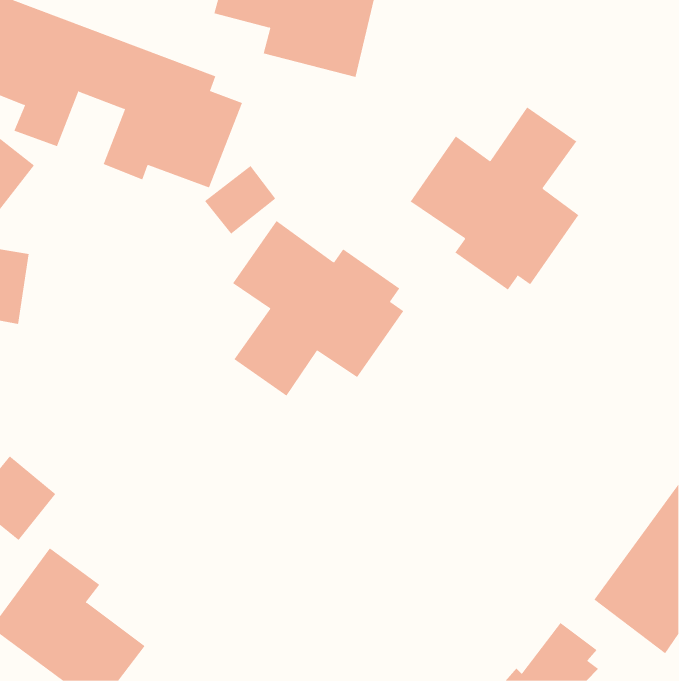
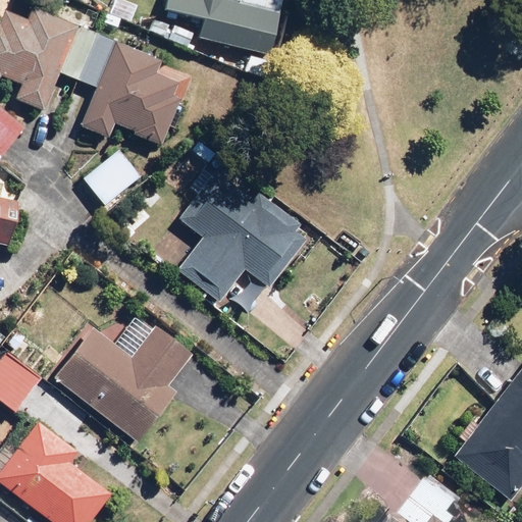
building: [410,106,579,290] -> none
building: [204,165,276,235] -> [86,151,141,204]
building: none -> [50,319,197,443]

